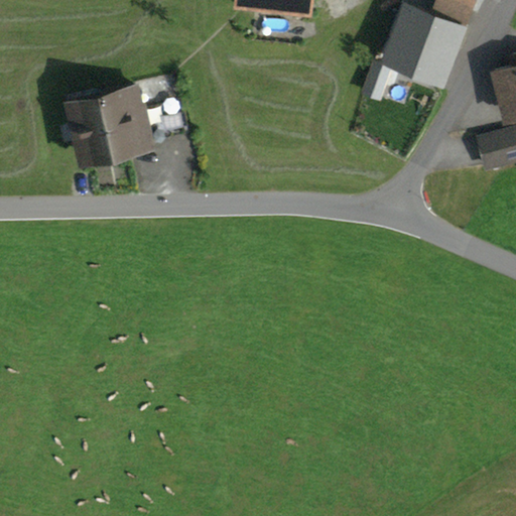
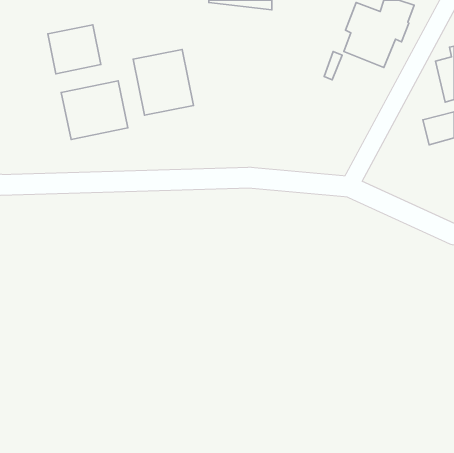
building: none -> [48,25,101,74]
building: none -> [133,49,193,115]

